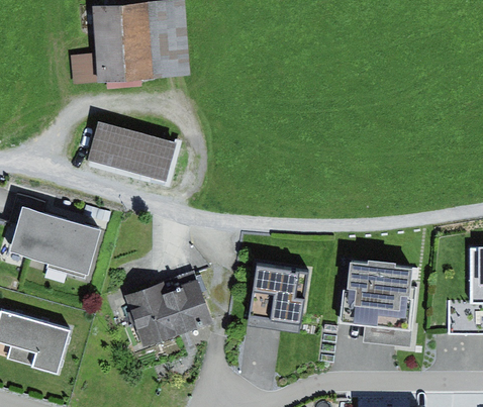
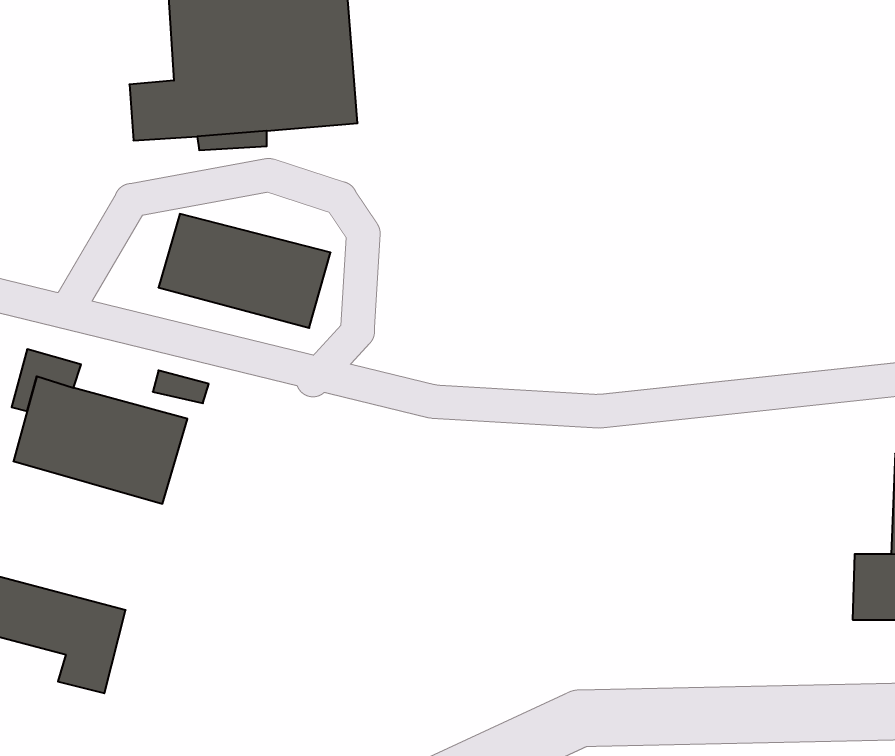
building: [340,261,417,346] -> none
building: [251,267,306,322] -> none
building: [123,271,212,348] -> none

